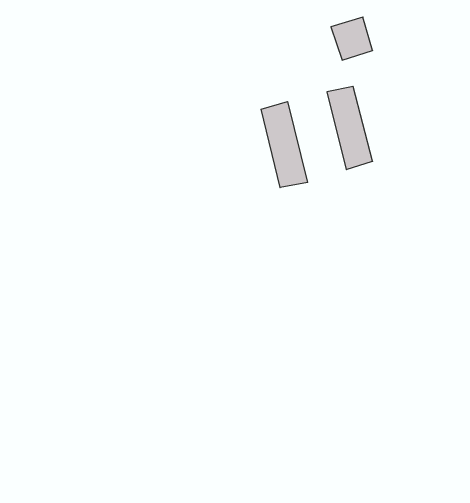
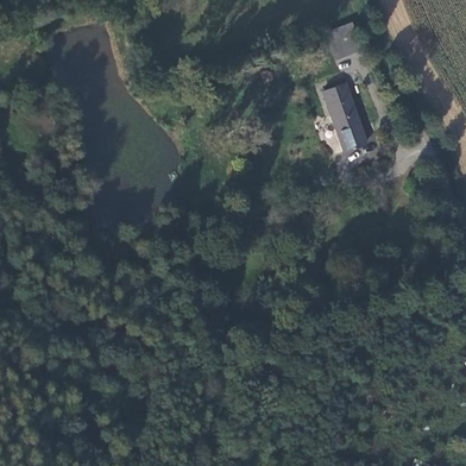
building: [261,102,308,188] -> none

